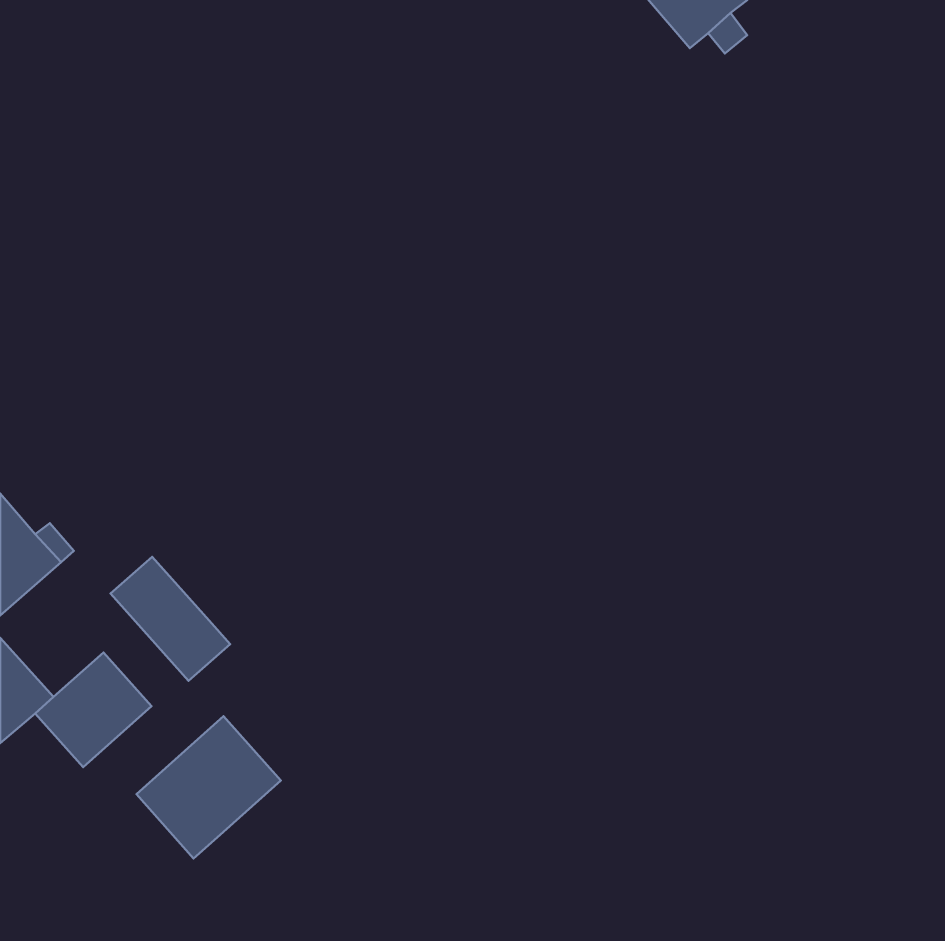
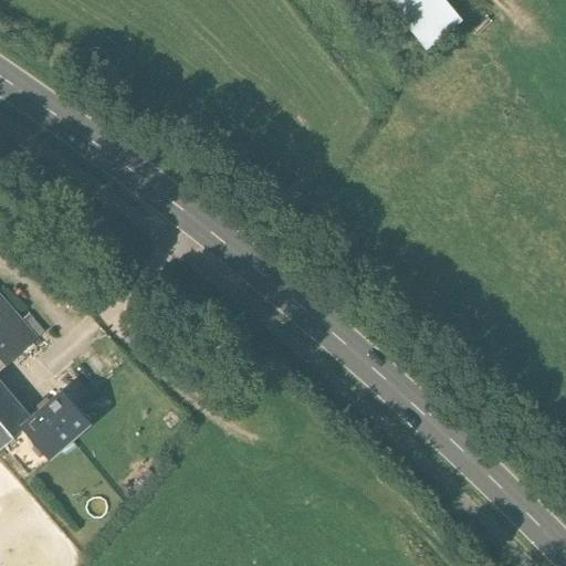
building: [110,557,230,681] -> none
building: [136,716,281,858] -> none

